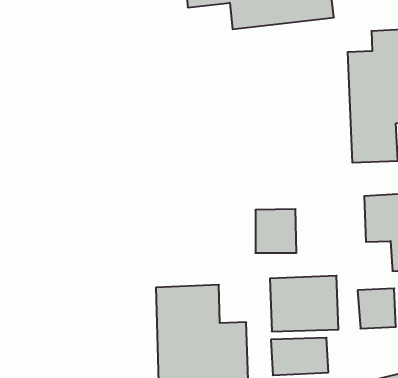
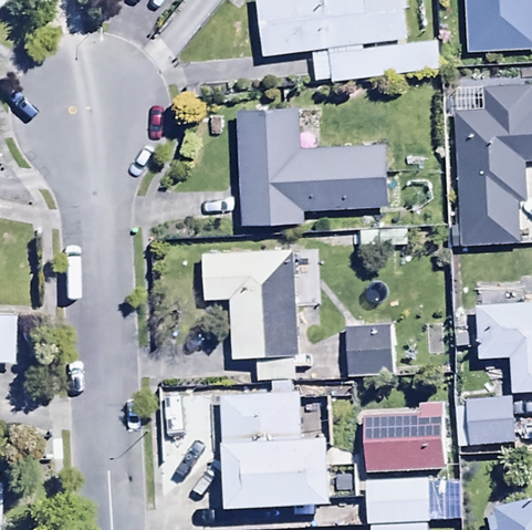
building: none -> [236,108,388,224]
building: none -> [202,248,299,383]

